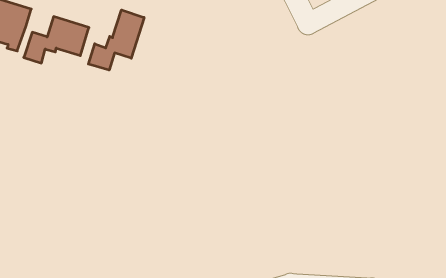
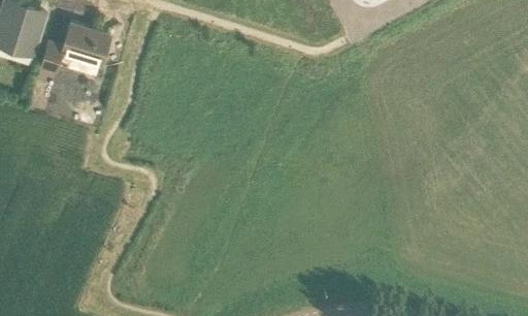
building: [88,10,144,70] -> none

